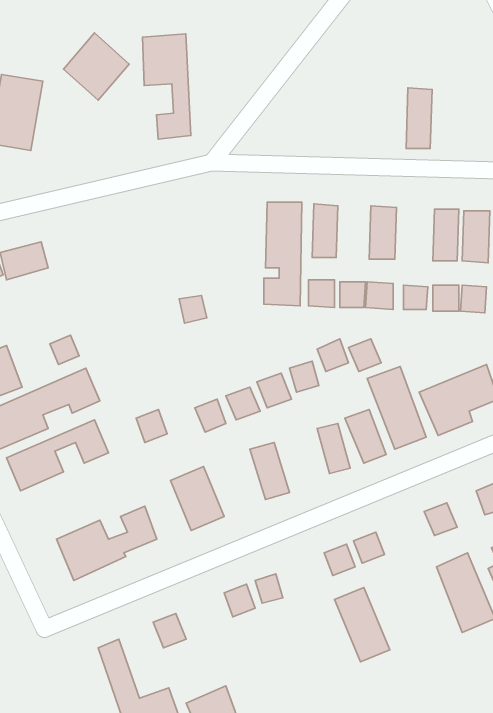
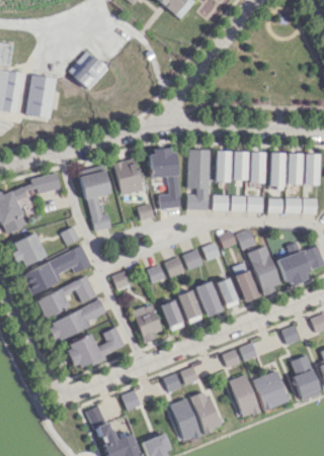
building: [143,34,191,139] -> [151,147,179,208]
building: [406,88,432,148] -> [269,152,285,187]
building: none -> [233,151,247,179]
building: none -> [115,159,145,193]
building: none -> [82,170,111,231]
building: none -> [196,280,223,315]
building: none -> [49,299,107,341]
building: none -> [162,299,185,331]
building: none -> [253,370,290,409]
building: none -> [193,390,221,433]
building: none -> [172,398,200,441]

